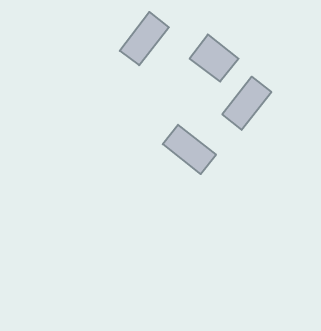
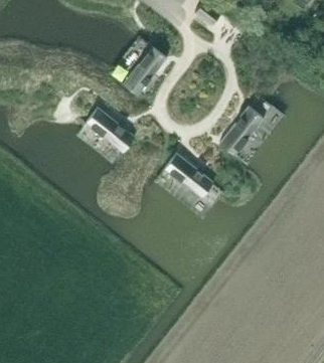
building: [190,34,239,82] -> none
building: none -> [87,109,136,153]

